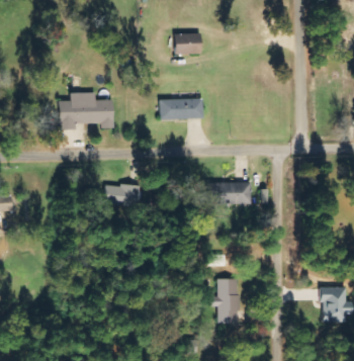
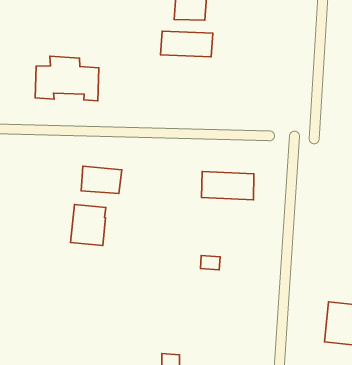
building: [160,98,203,119] -> [160,31,213,57]
building: none -> [70,205,106,246]
building: [212,278,240,324] -> none

